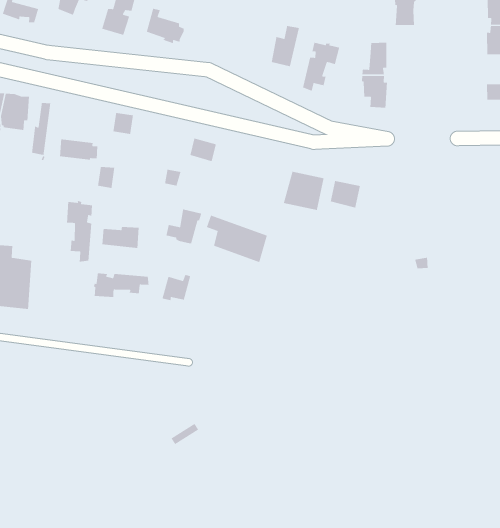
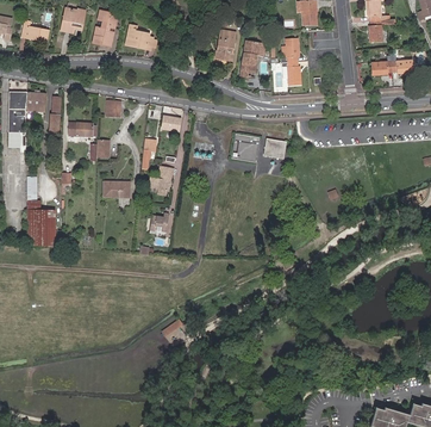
building: [66,200,93,262] -> none
building: [206,215,268,263] -> none
building: [92,273,150,298] -> none

